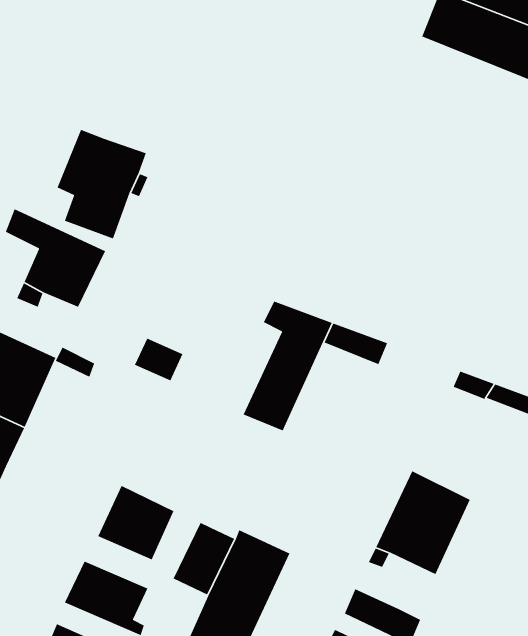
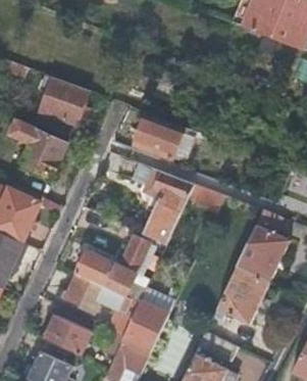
building: none -> [136,112,185,155]
building: none -> [237,225,290,282]
building: none -> [75,236,149,297]

